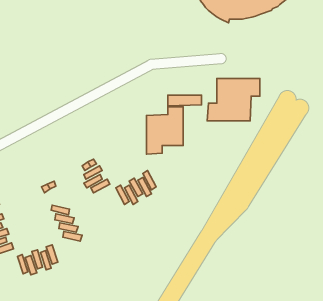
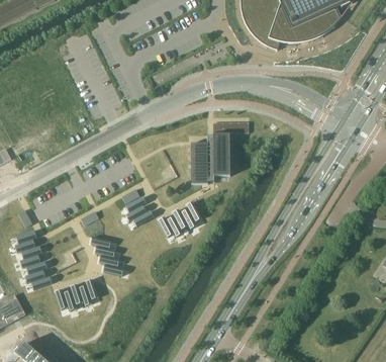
building: [207,78,260,121] -> none

